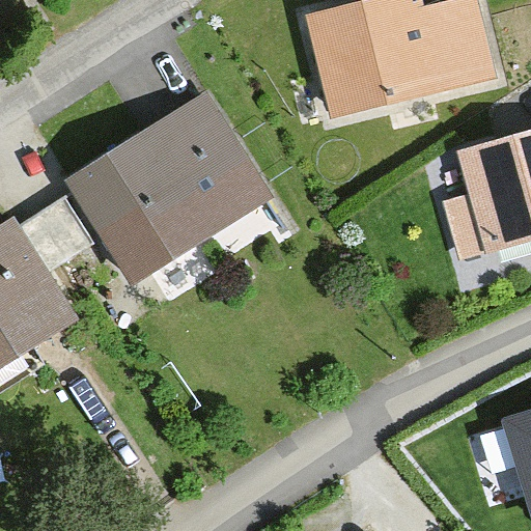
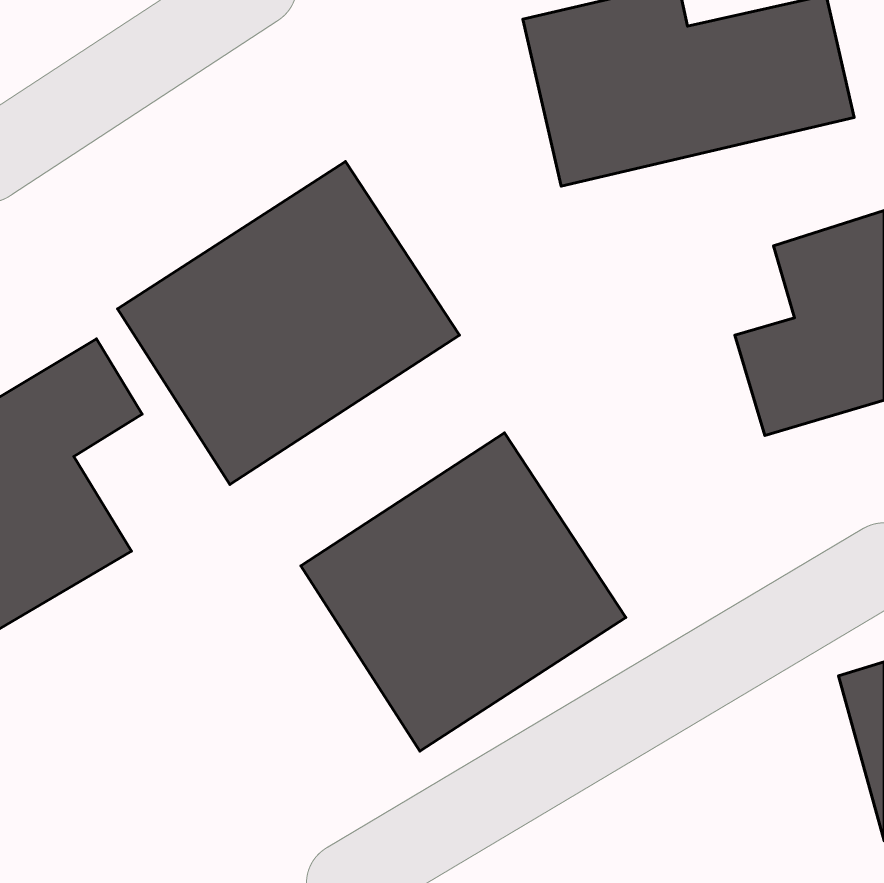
building: none -> [301,433,626,751]

